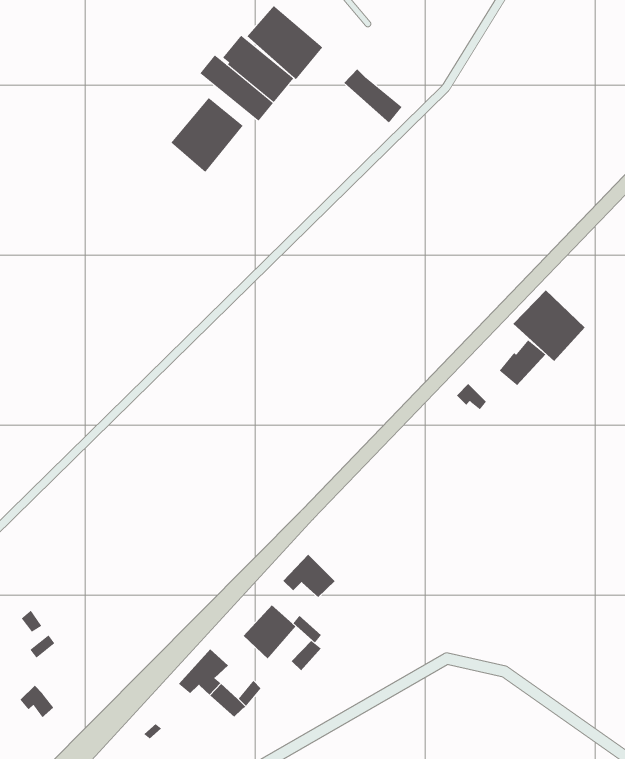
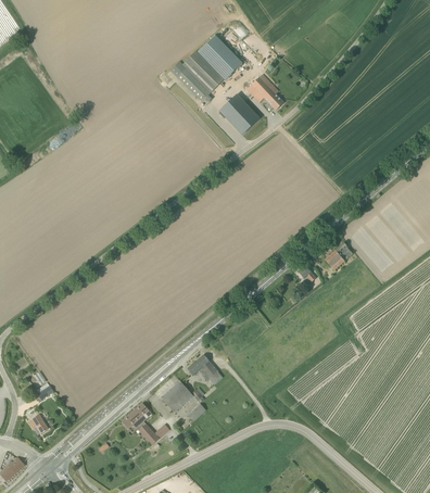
building: [170,97,243,173] -> none
building: none -> [223,97,260,134]
building: [512,290,586,362] -> none

